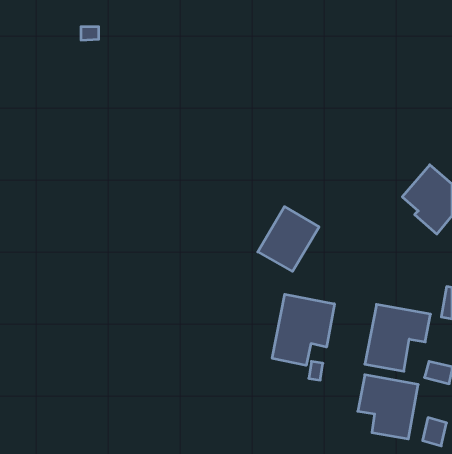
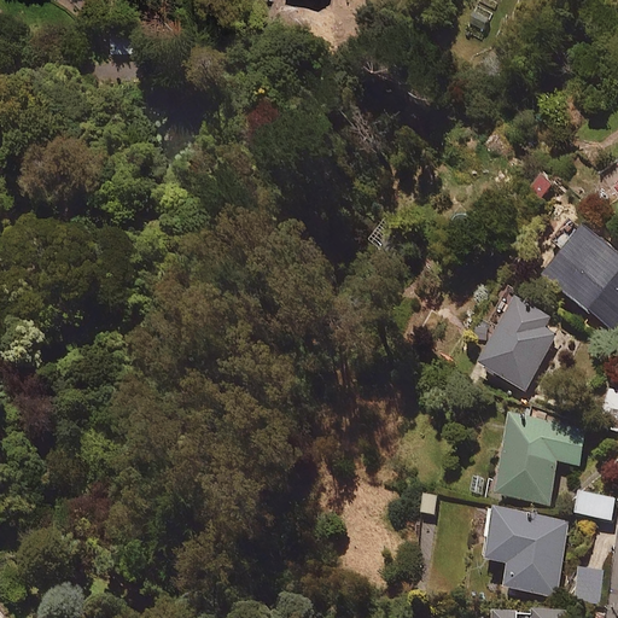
building: [258,207,319,271] -> [479,296,562,384]
building: [272,294,334,365] -> none

